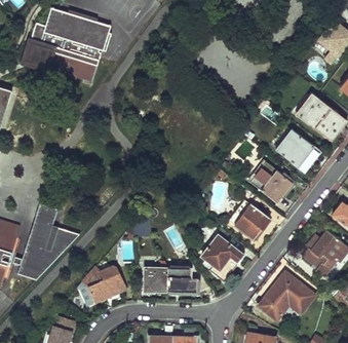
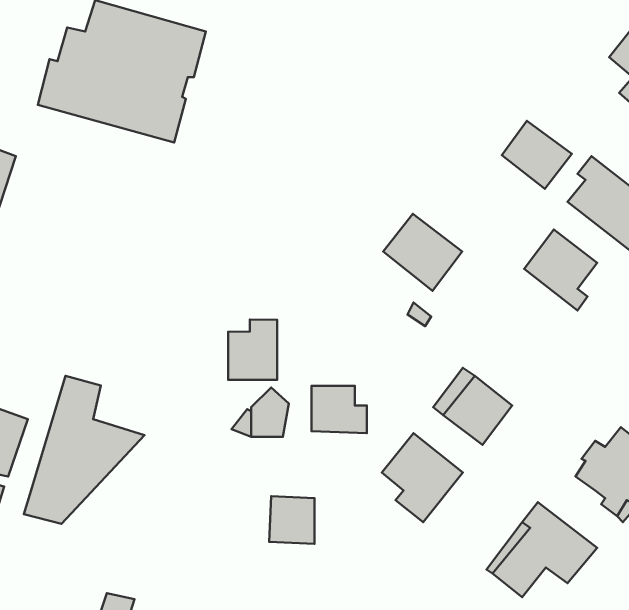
building: none -> [502,121,572,189]
building: [250,163,292,203] -> [383,214,462,291]
building: none -> [228,319,277,380]
building: [78,267,125,308] -> none
building: [166,268,195,293] -> [311,386,367,433]

